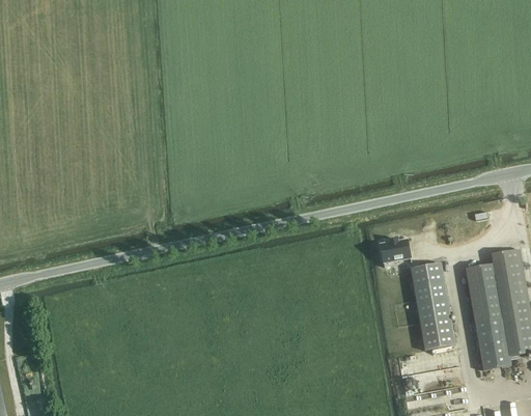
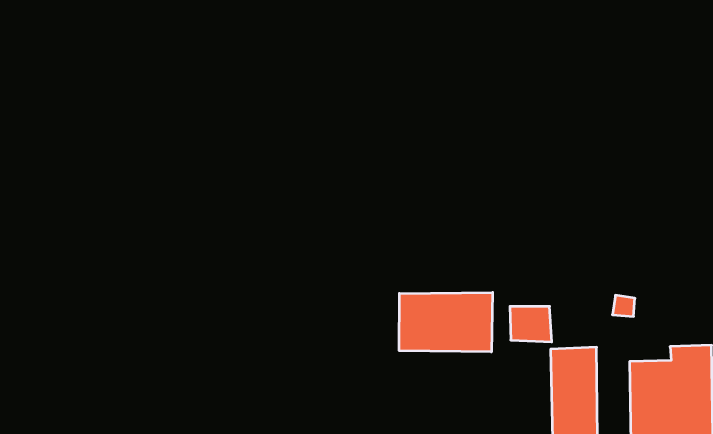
building: none -> [399,292,493,352]

